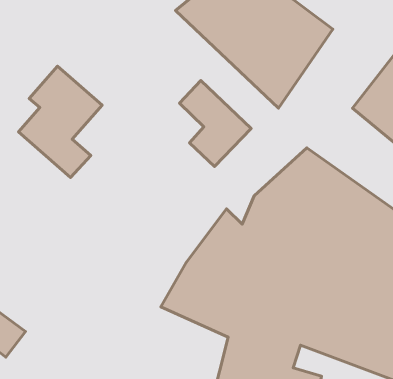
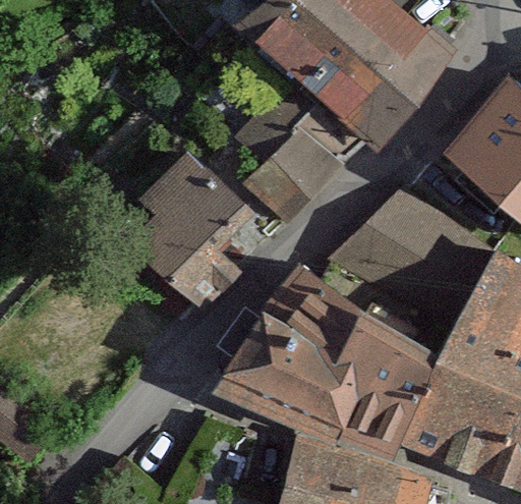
building: [19,66,102,177] -> [134,165,239,304]

